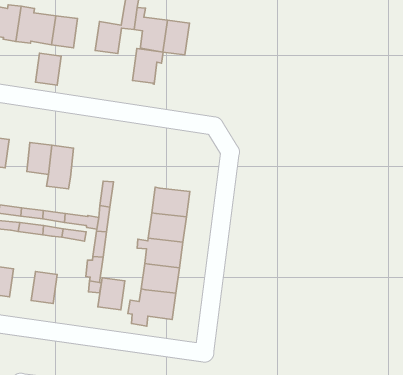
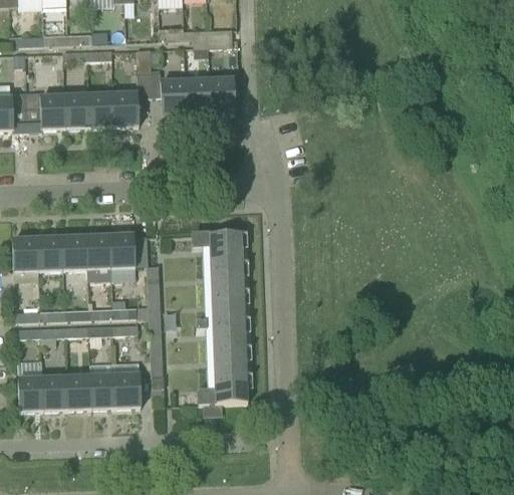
building: [132,49,163,84] -> [211,77,240,113]
building: [35,53,61,85] -> [89,93,114,127]
building: none -> [38,237,63,269]
building: none -> [109,234,136,280]
building: none -> [193,231,248,262]
building: none -> [67,376,92,408]
building: [98,278,125,310] -> [115,374,142,407]

